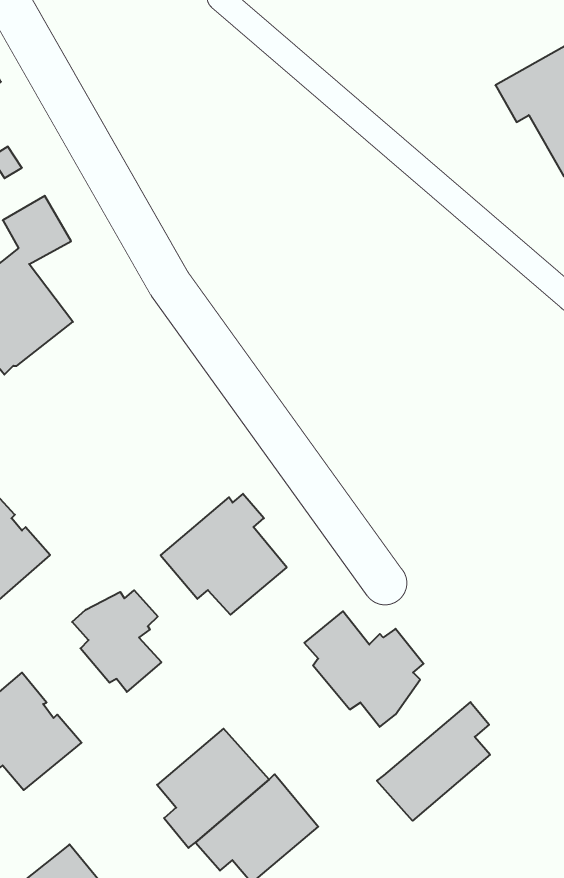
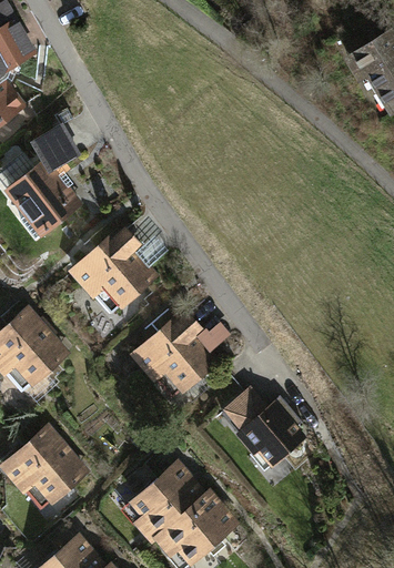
building: none -> [73,230,154,307]
building: [72,590,161,692] -> none
building: [377,702,490,821] -> none

